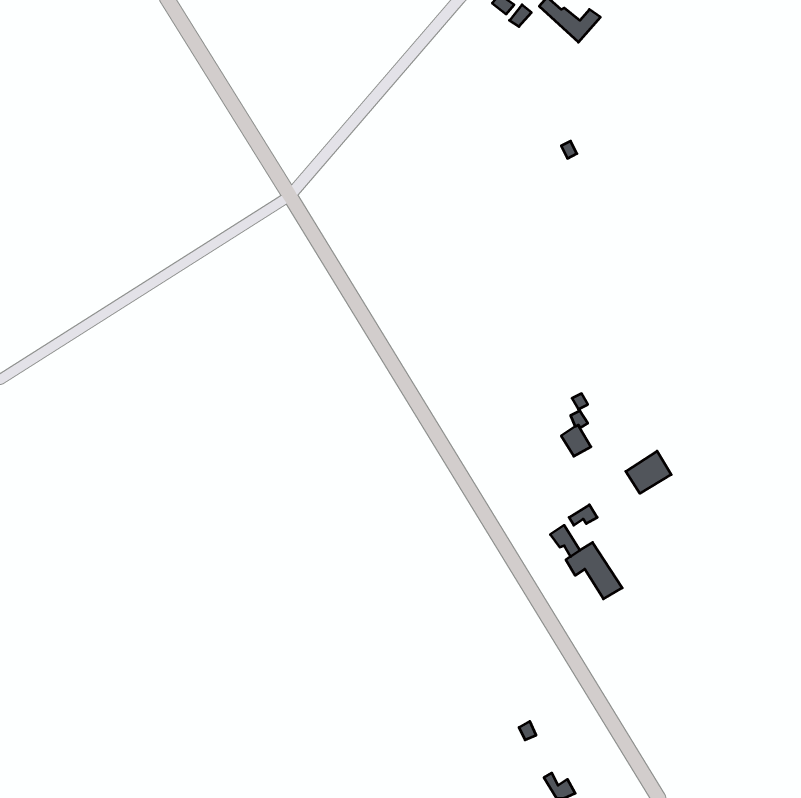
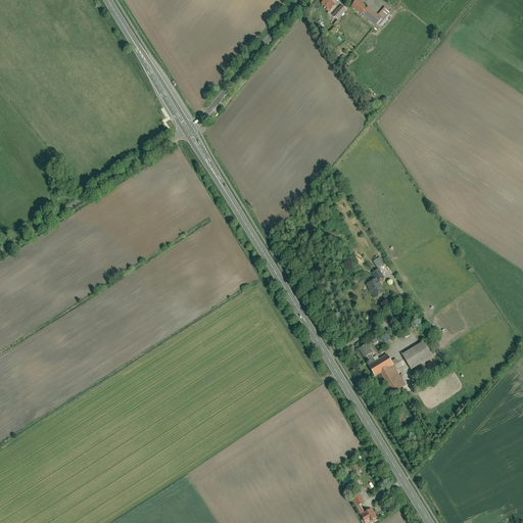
building: [626,451,671,493] -> [402,340,432,368]

